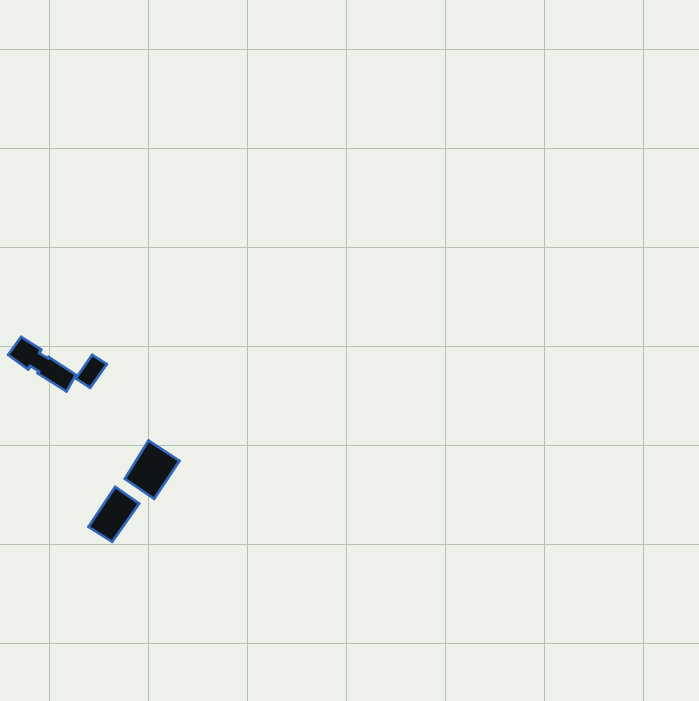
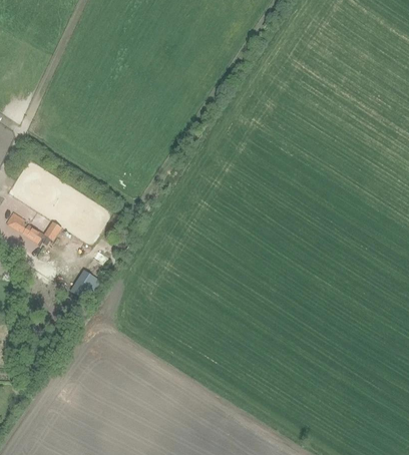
building: [88,487,139,542] -> none

